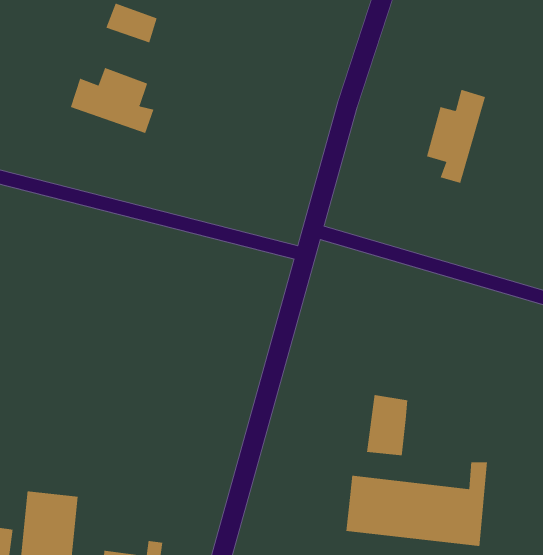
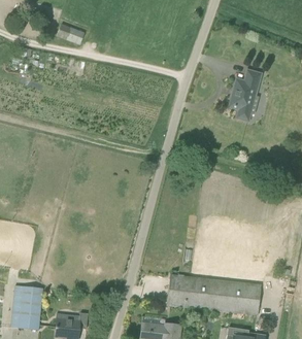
building: [70,67,154,134] -> none
building: [366,394,408,456] -> [167,273,190,306]

